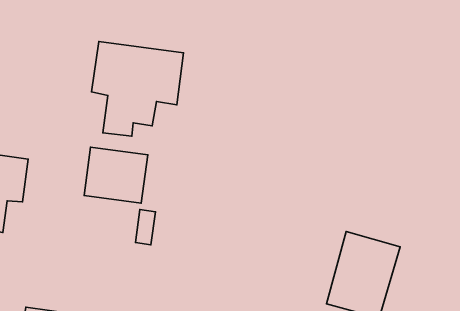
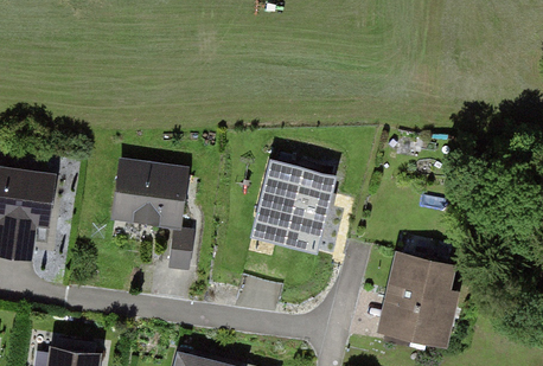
building: [91,42,183,136] -> none
building: none -> [255,161,336,255]

